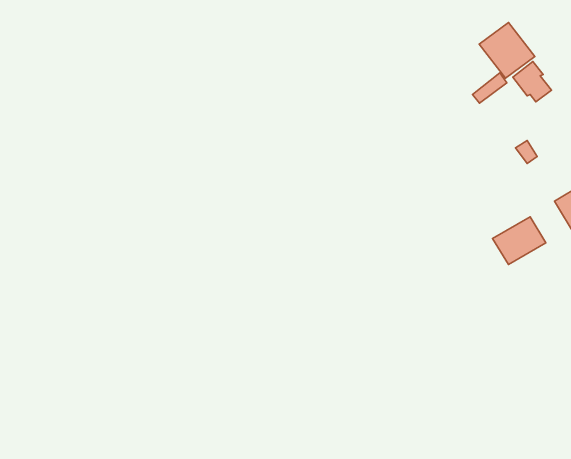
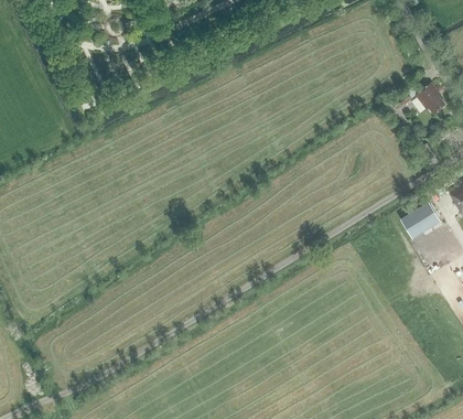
building: [479,23,535,78] -> none

